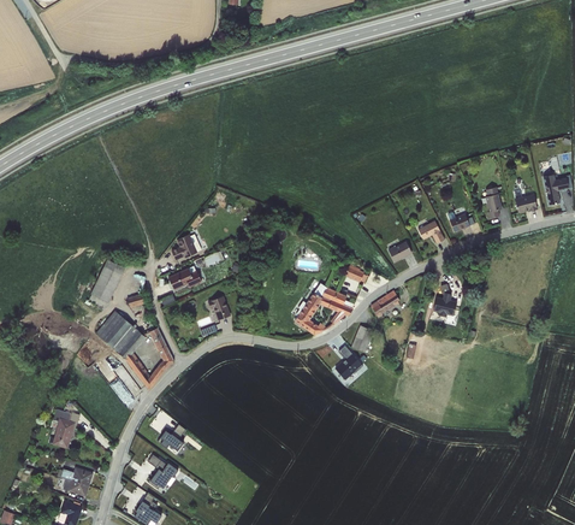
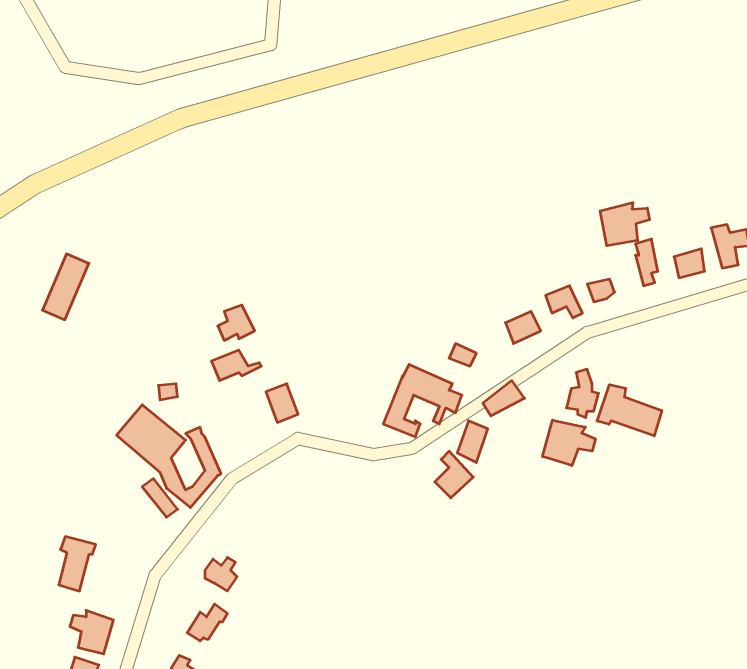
building: none -> [600,203,650,246]
building: [89,258,124,307] -> [42,254,89,320]
building: none -> [597,385,662,436]
building: none -> [543,420,595,466]

